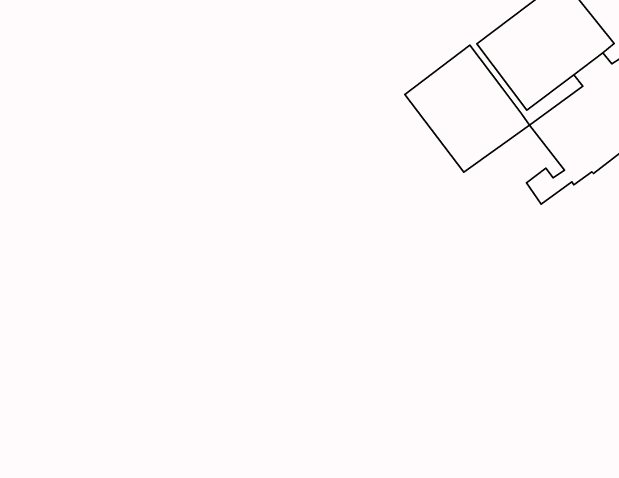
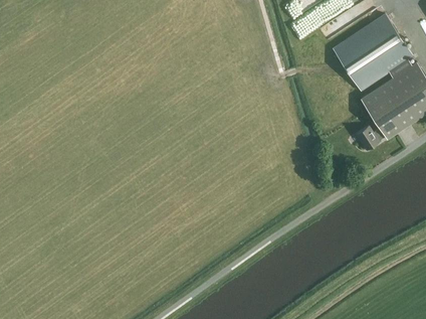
building: [405,45,529,172] -> none

